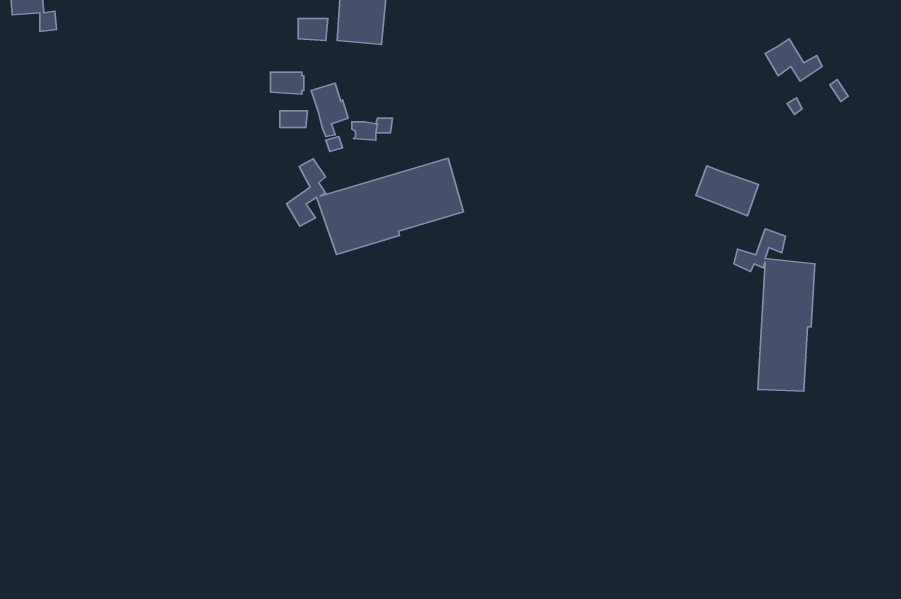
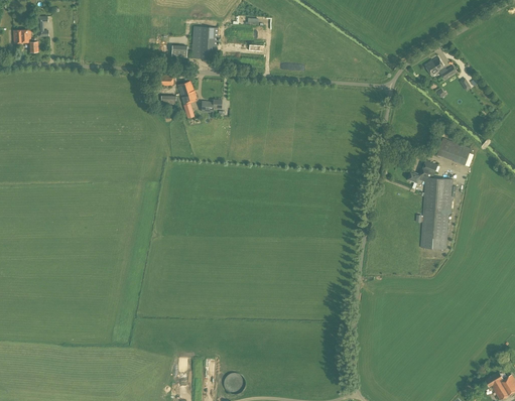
building: [286,158,463,255] -> none
building: [696,166,759,216] -> [437,138,472,165]

